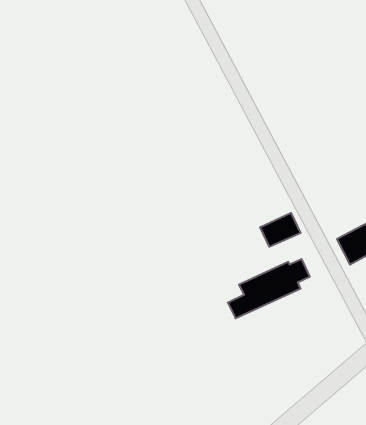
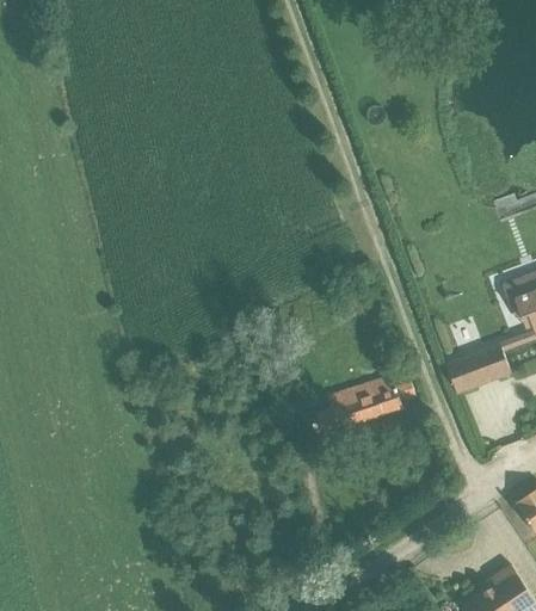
building: [260,213,301,247] -> none

